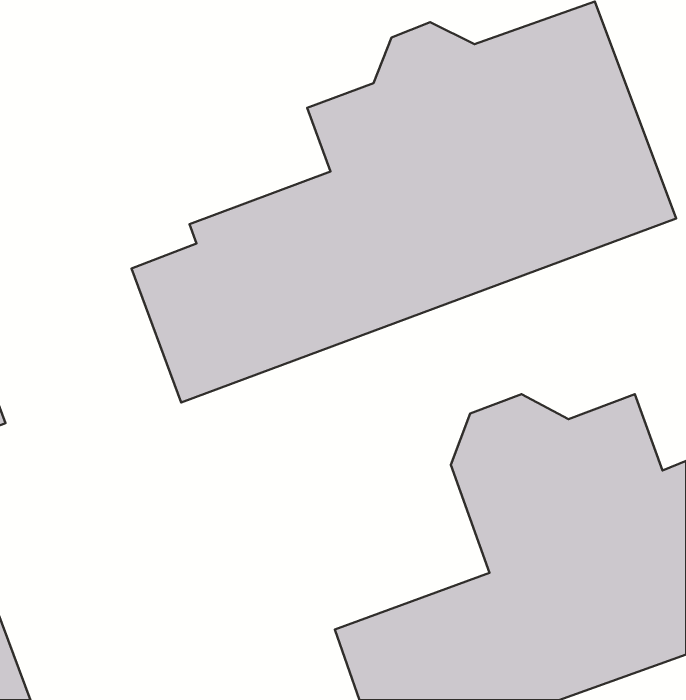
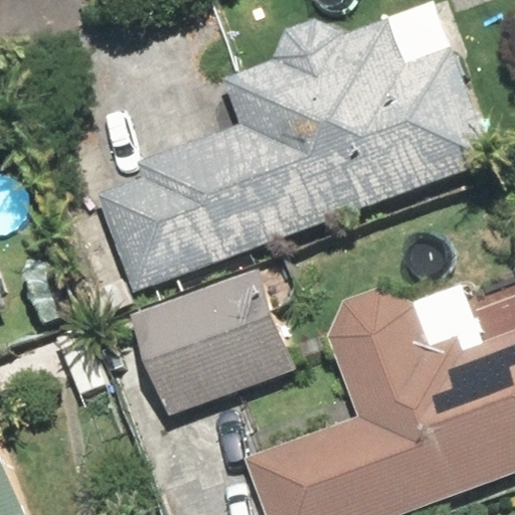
building: none -> [131,271,296,416]

